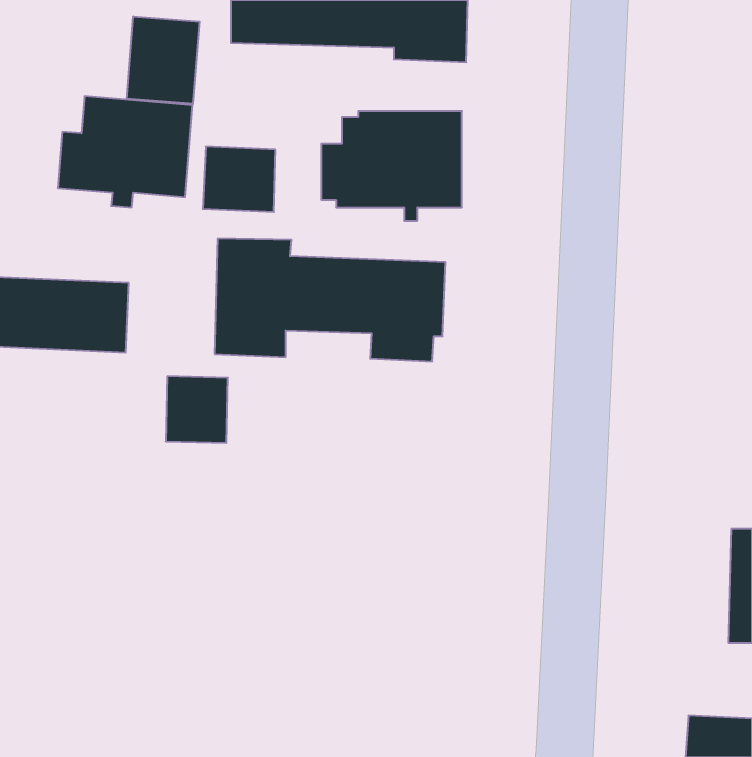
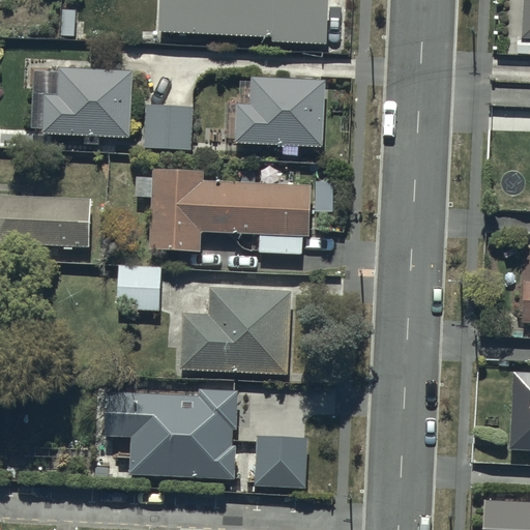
building: [127,16,200,104] -> none
building: none -> [178,286,293,373]
building: none -> [106,390,235,476]
building: none -> [253,435,307,485]

